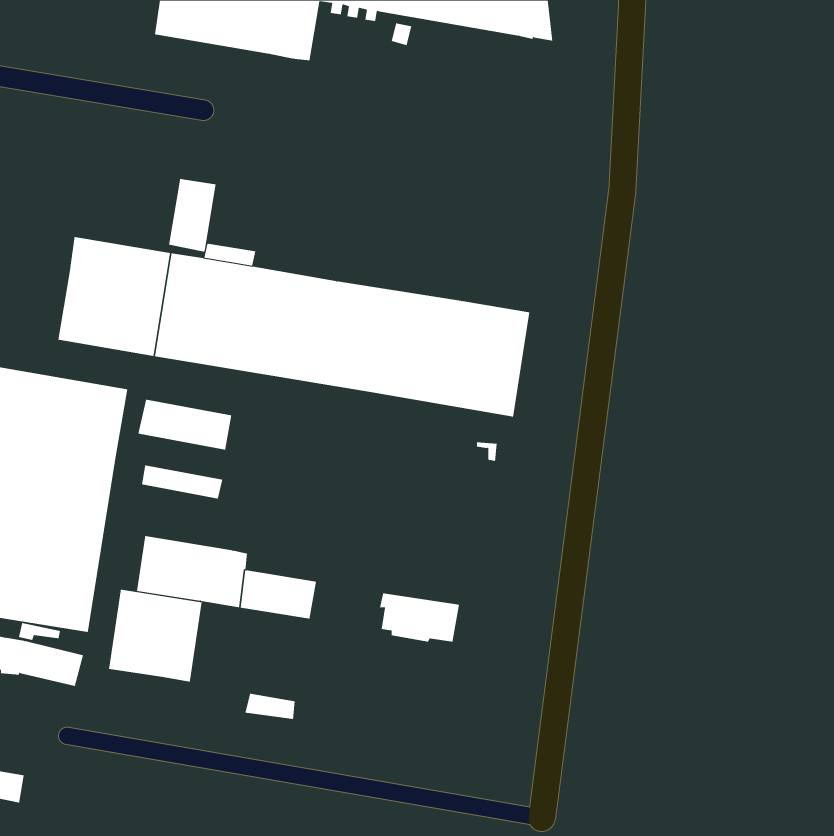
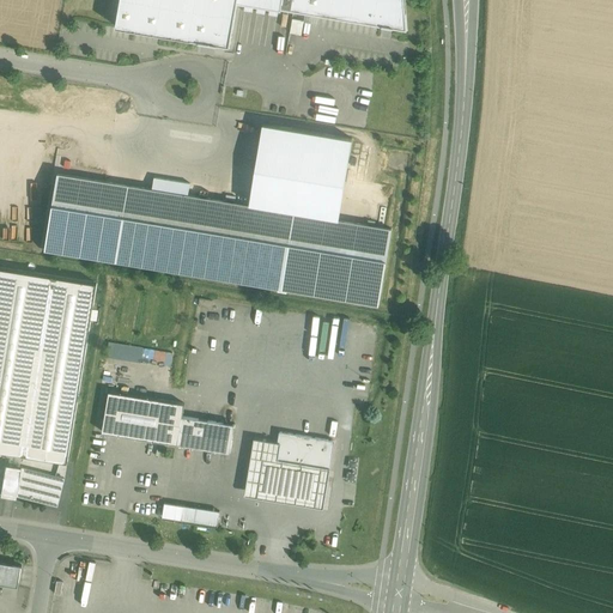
building: none -> [245,126,350,221]
building: [169,178,216,252] -> none
building: [138,399,232,451] -> none
building: [109,589,202,683] -> none
building: none -> [244,441,330,512]

